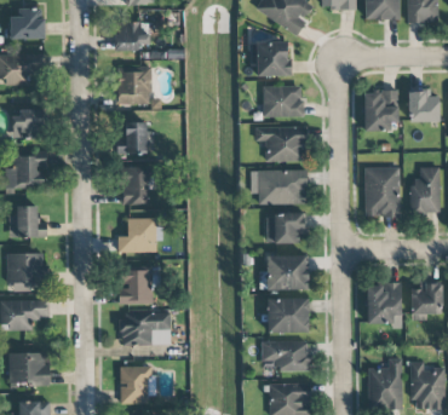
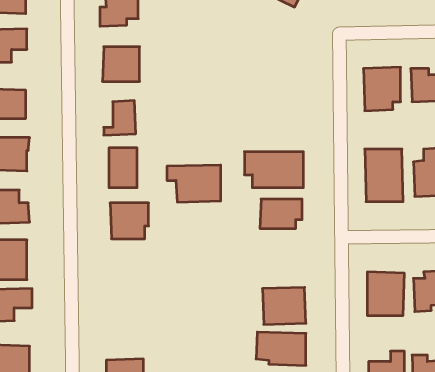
building: [252,41,292,76] -> none
building: [263,86,303,116] -> none
building: [255,126,306,161] -> [167,165,221,202]
building: [266,254,308,289] -> none
building: [119,269,153,304] -> none
building: [121,311,171,345] -> none

